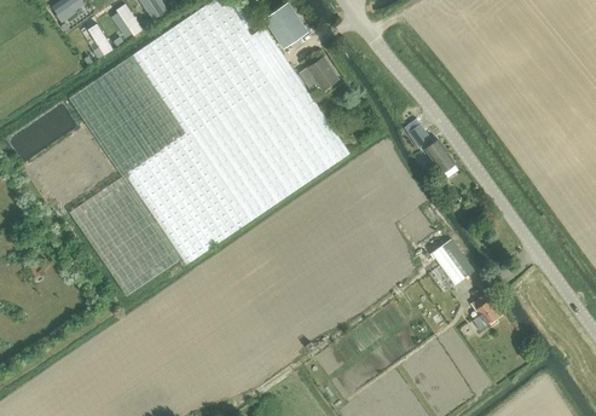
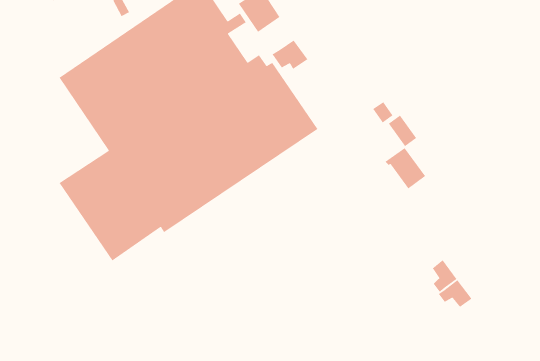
building: [253,39,300,85] -> none
building: [429,238,474,284] -> [385,147,426,190]
building: none -> [438,279,473,308]

